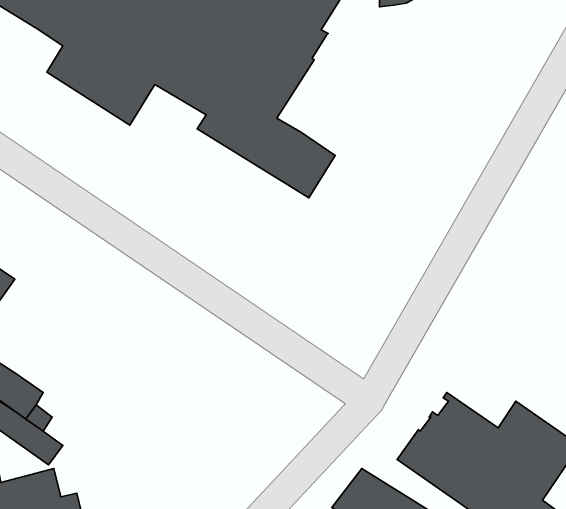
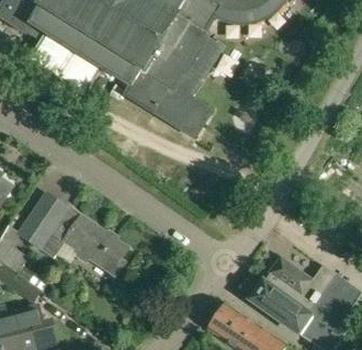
building: none -> [174,35,222,95]
building: none -> [16,191,128,278]

